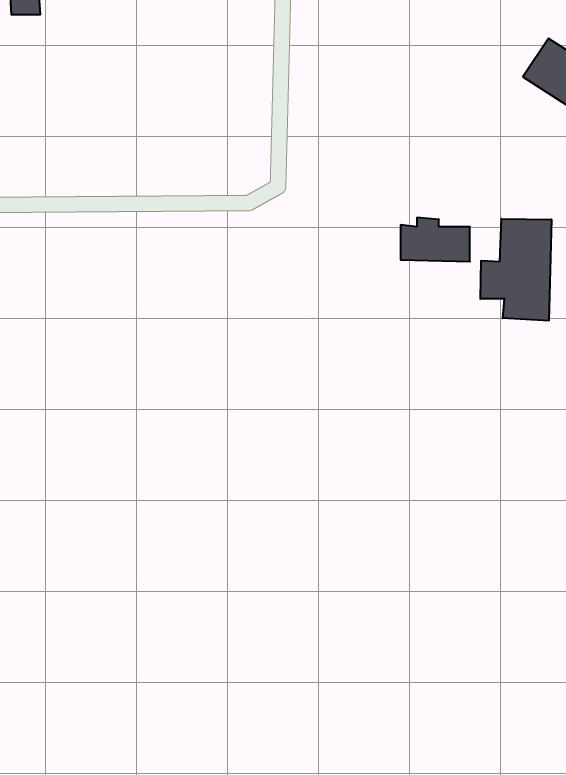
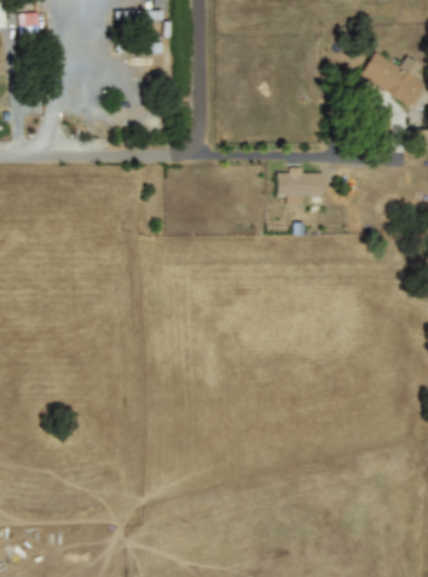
building: [480,219,551,321] -> none

